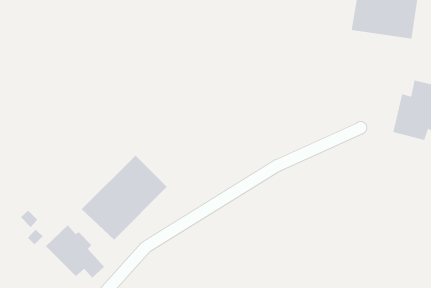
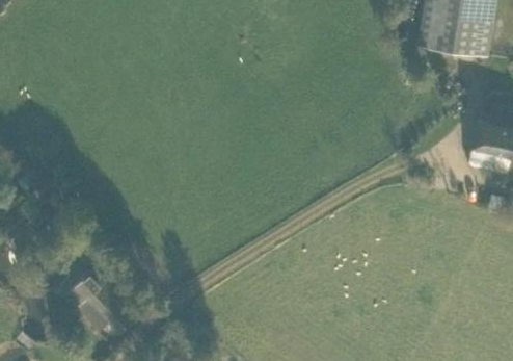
building: [81,155,168,241] -> none

